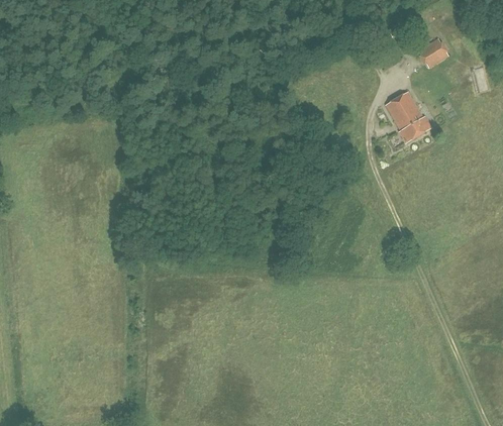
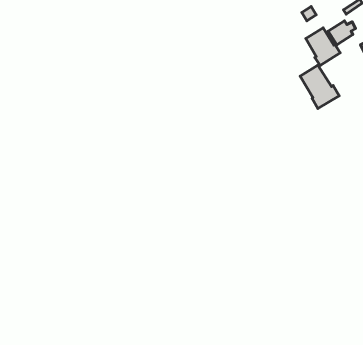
building: none -> [306,28,340,66]

